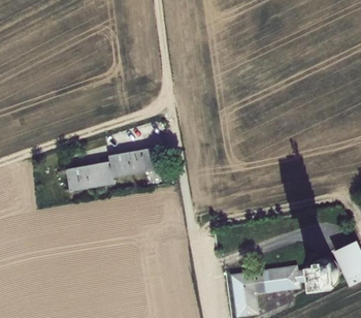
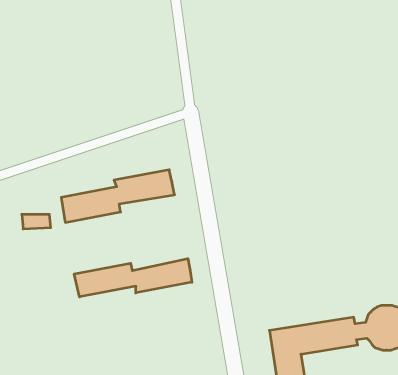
building: none -> [74,259,192,297]

